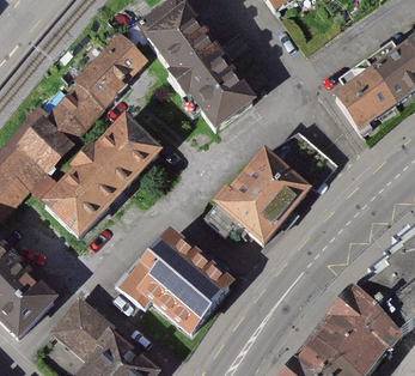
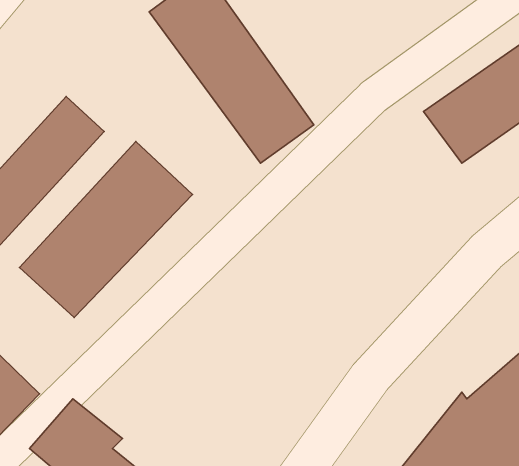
building: [75,26,148,102] -> none
building: [202,126,335,238] -> none
building: [115,226,231,329] -> none

